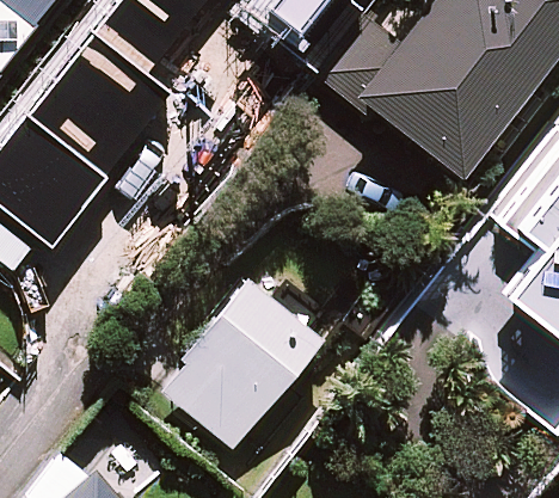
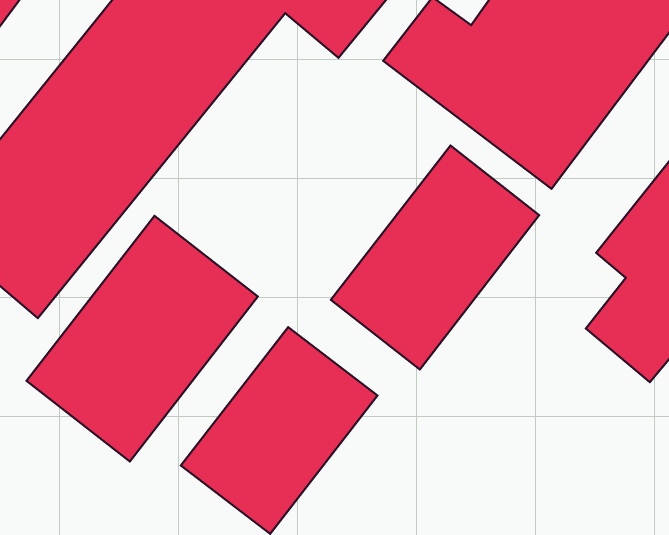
building: none -> [331,145,539,369]
building: none -> [27,216,258,462]

